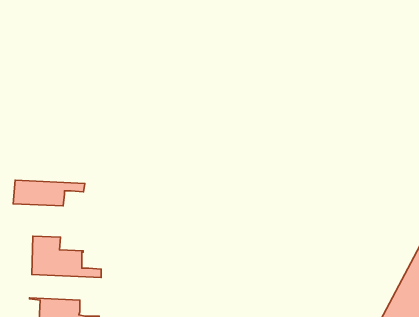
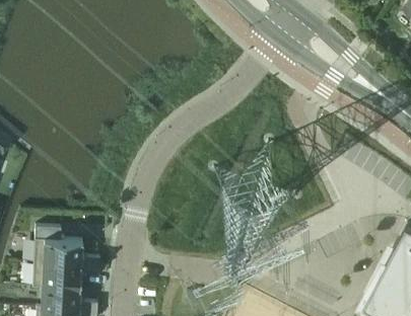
building: [13,180,85,206] -> [31,264,99,289]

